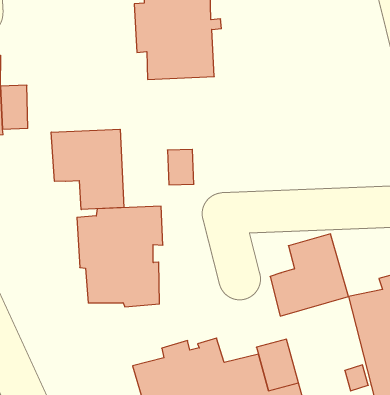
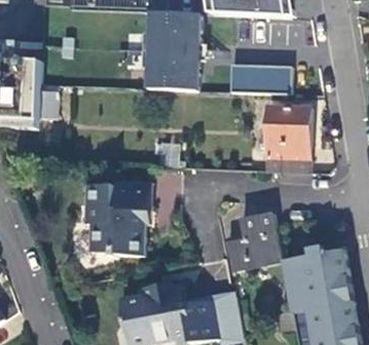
building: none -> [230,63,291,92]
building: none -> [266,104,308,172]
building: [51,129,124,210] -> none

